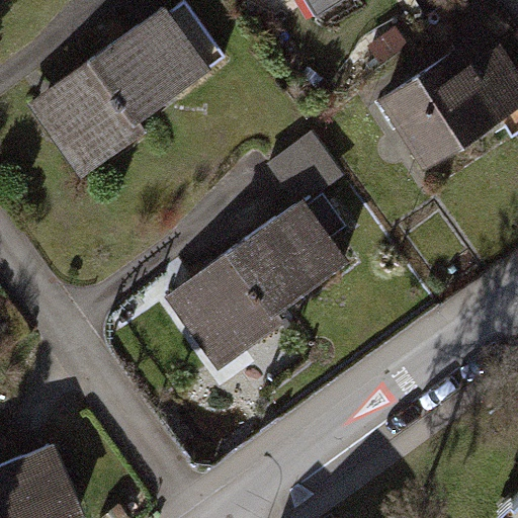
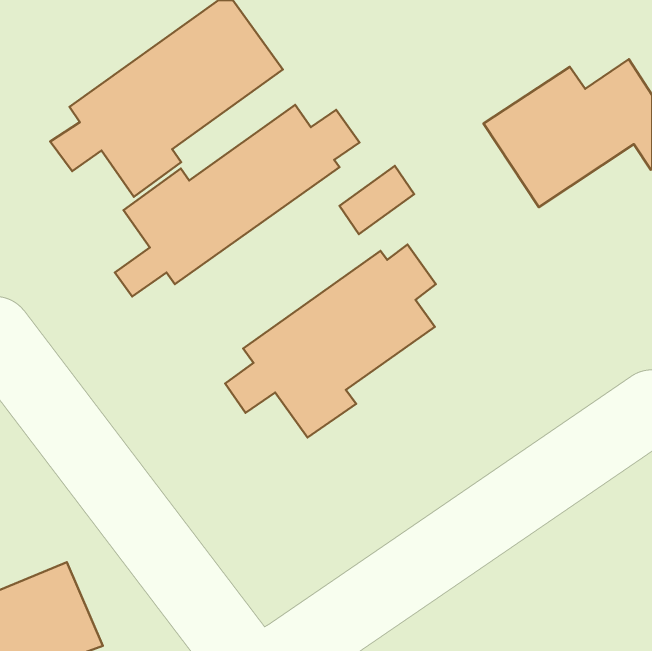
building: none -> [115,105,360,296]

